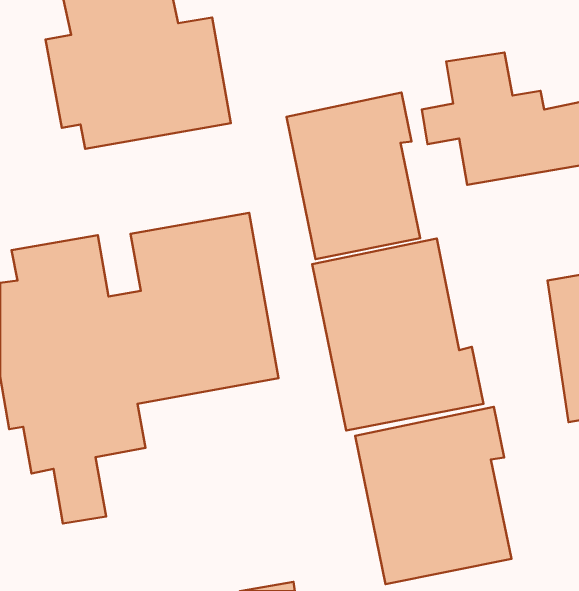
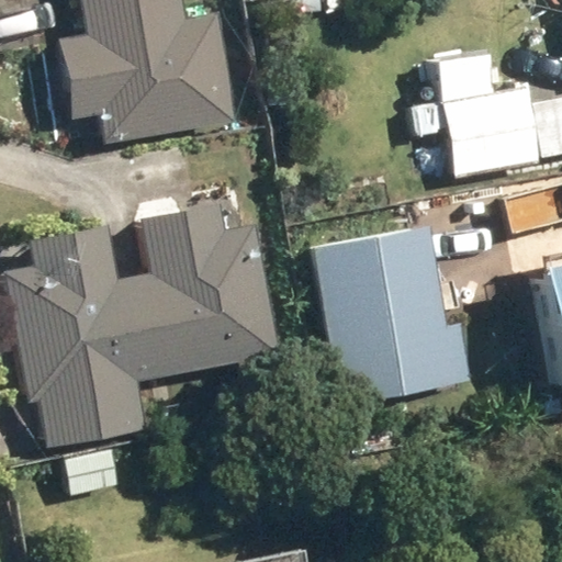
building: [286,93,420,259] -> none
building: [355,407,511,584] -> none

